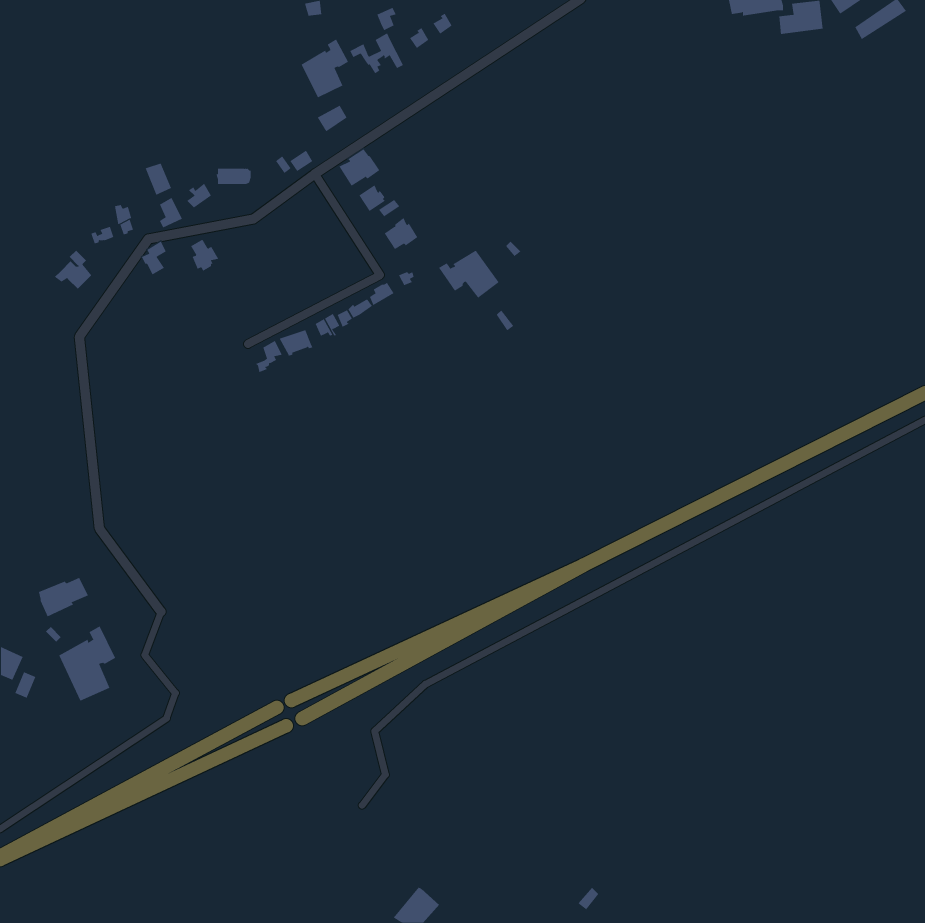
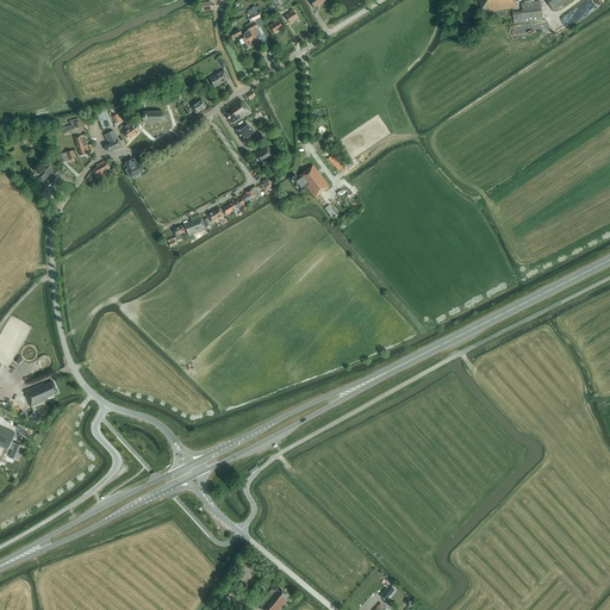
building: [301,38,349,98] -> none
building: [59,625,116,702] -> none

